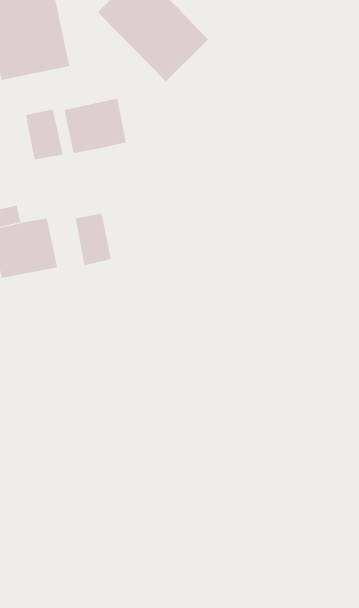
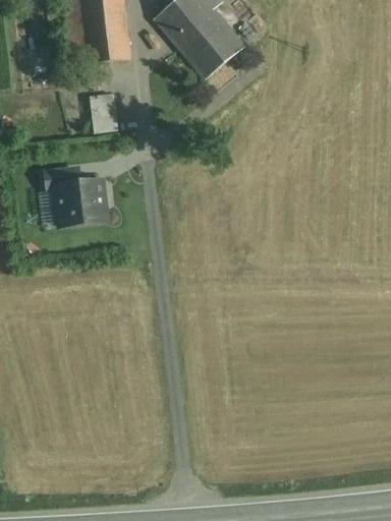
building: [64,98,126,154] -> none
building: [75,213,112,266] -> none

